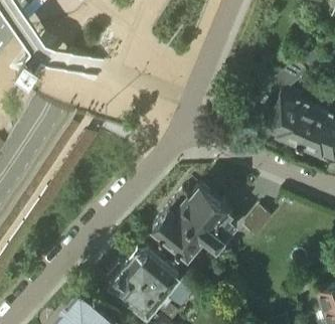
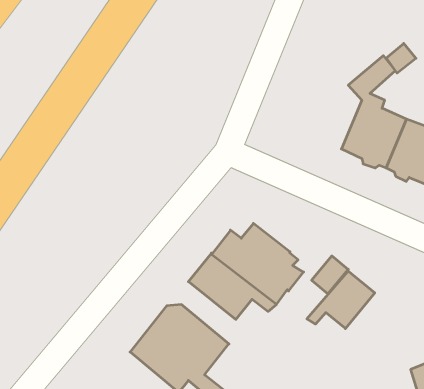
building: none -> [307,270,375,329]

